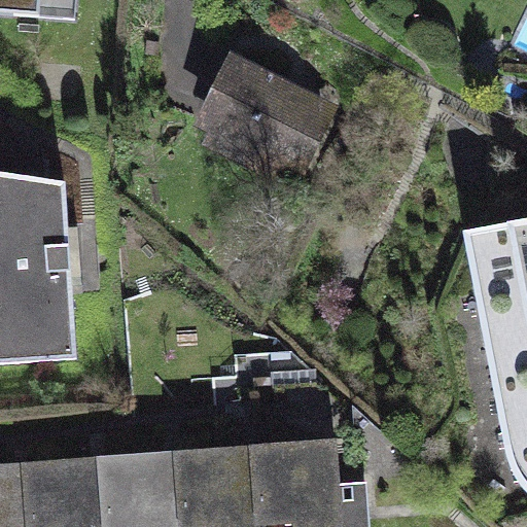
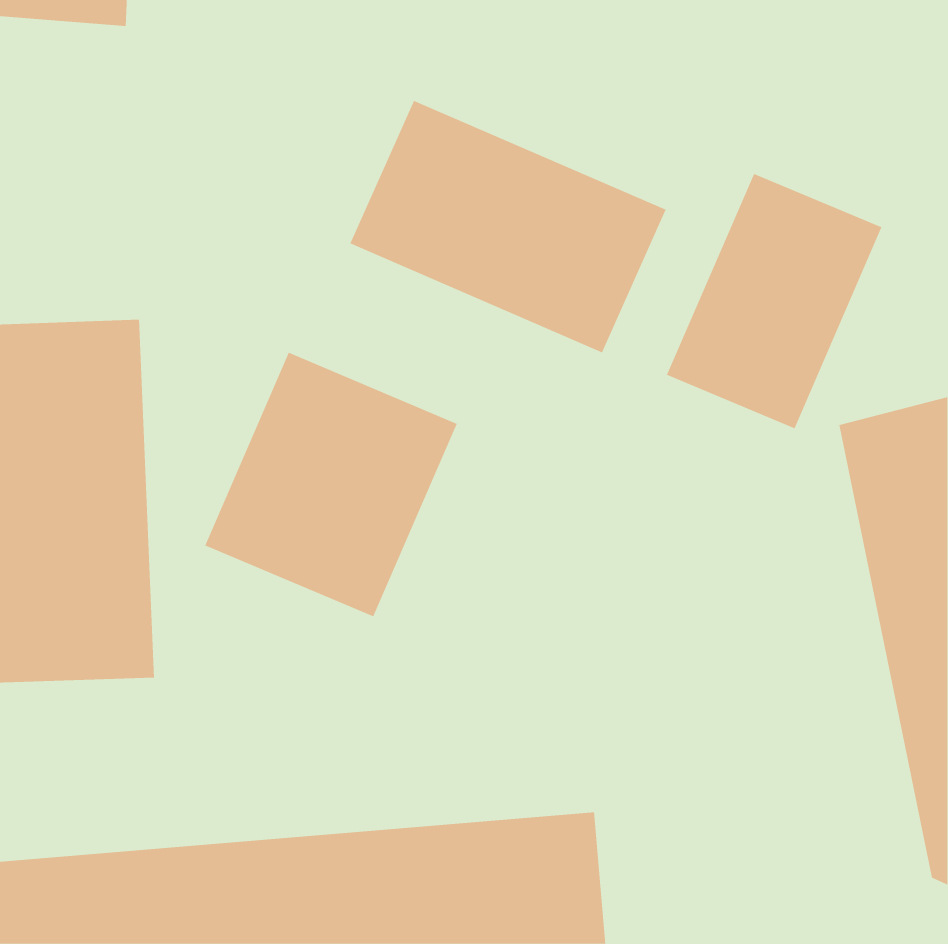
building: none -> [666,173,882,429]
building: none -> [205,352,457,617]

